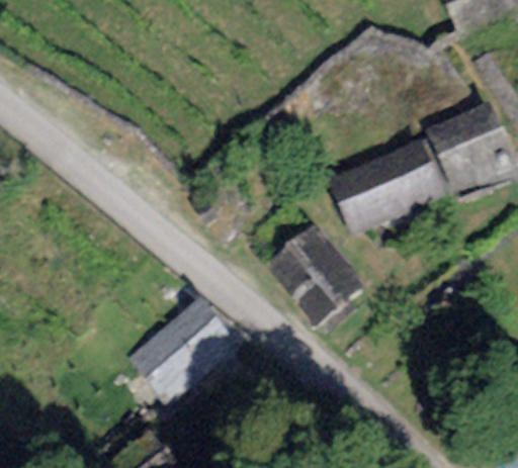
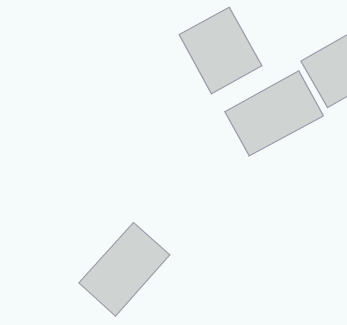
building: none -> [179,7,262,94]
building: [265,222,365,324] -> none

